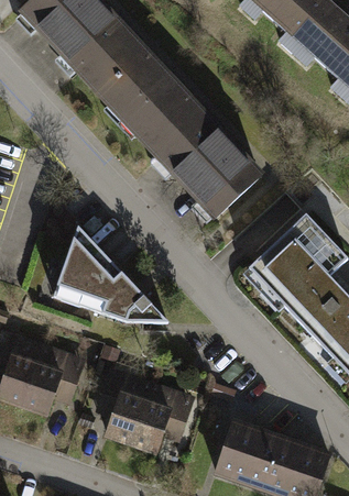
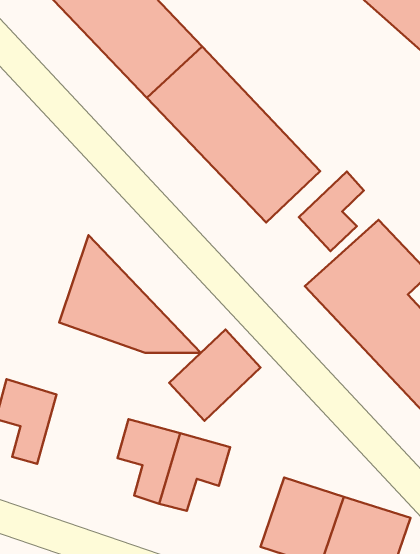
building: none -> [299,171,364,251]
building: none -> [169,330,261,421]
building: [36,353,92,415] -> none

